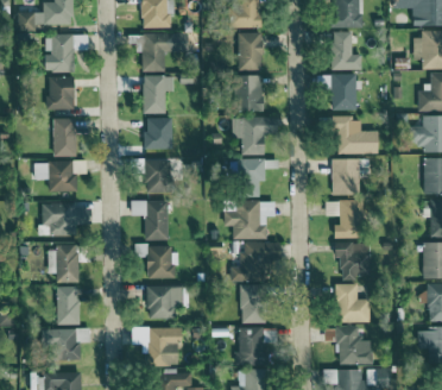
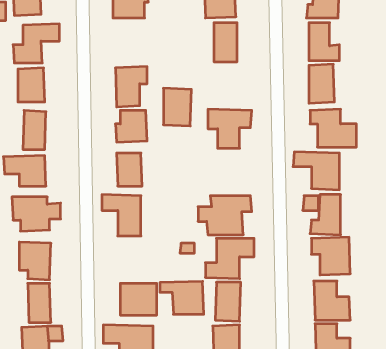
building: [145,33,170,71] -> none
building: [234,75,261,112] -> [163,88,191,126]
building: [234,158,265,196] -> none
building: [134,246,177,278] -> [160,281,204,314]

